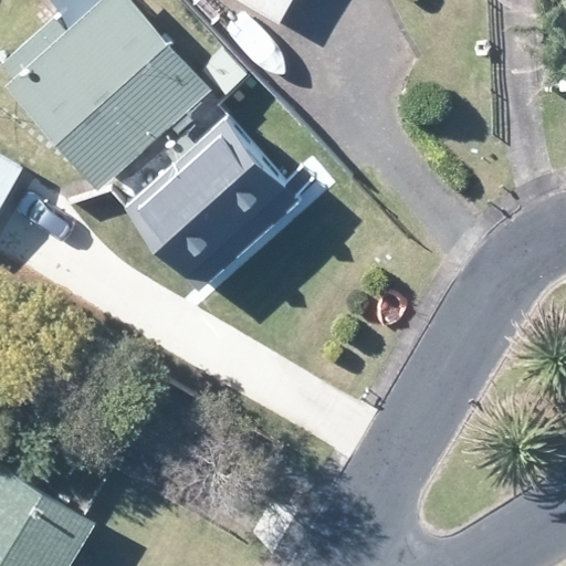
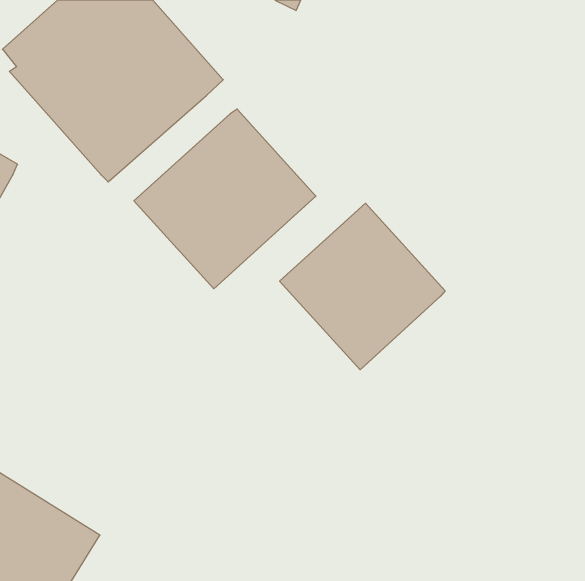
building: none -> [280,203,445,370]

